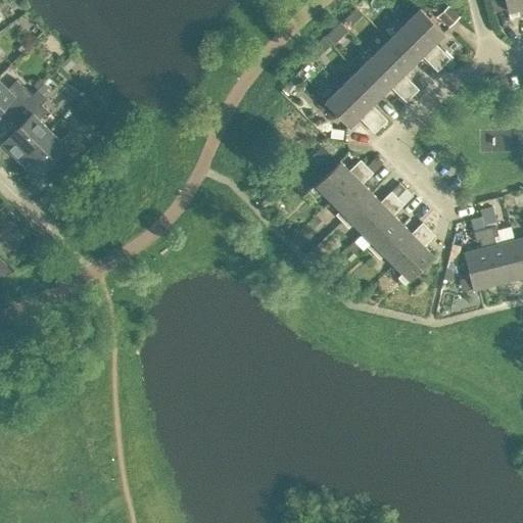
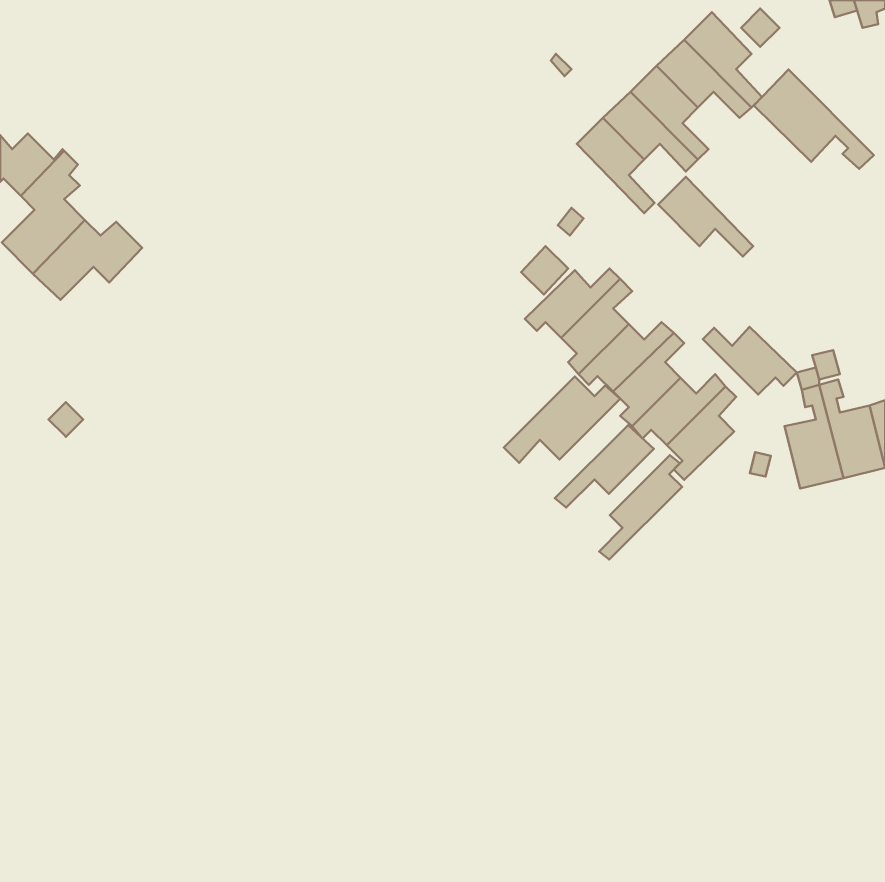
building: none -> [754,70,874,169]
building: [324,87,380,134] -> [658,177,753,256]
building: none -> [703,327,797,395]
building: none -> [504,377,620,463]
building: none -> [555,425,654,508]
building: none -> [599,455,682,560]

